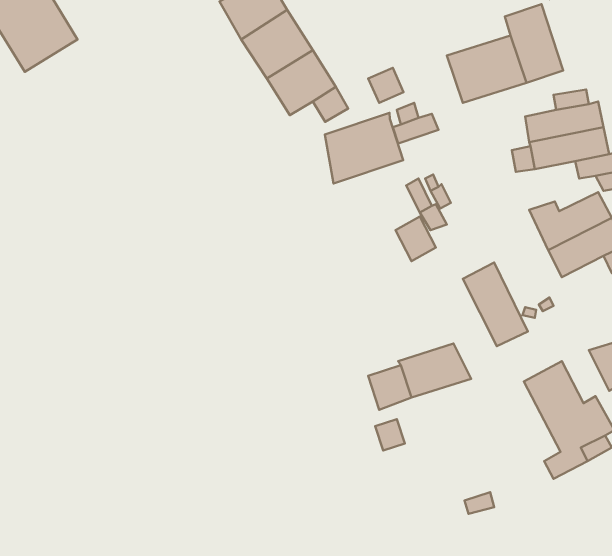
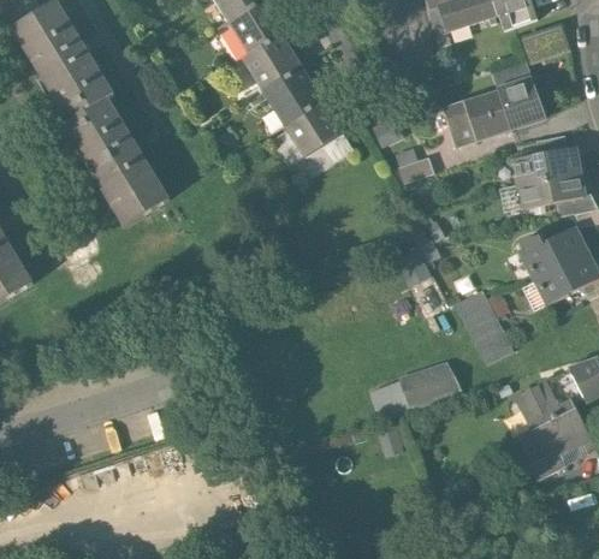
building: none -> [60,94,168,225]
building: [325,113,403,184] -> none

